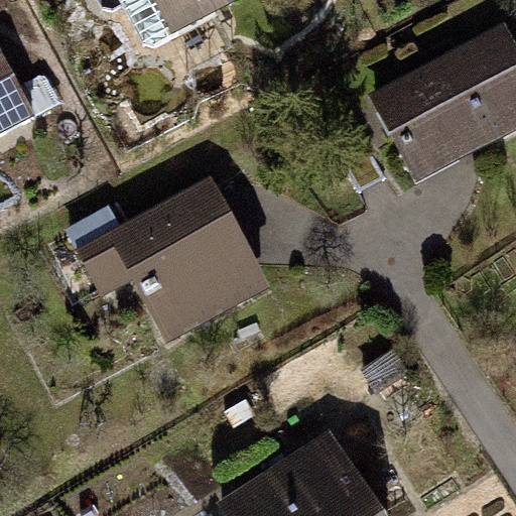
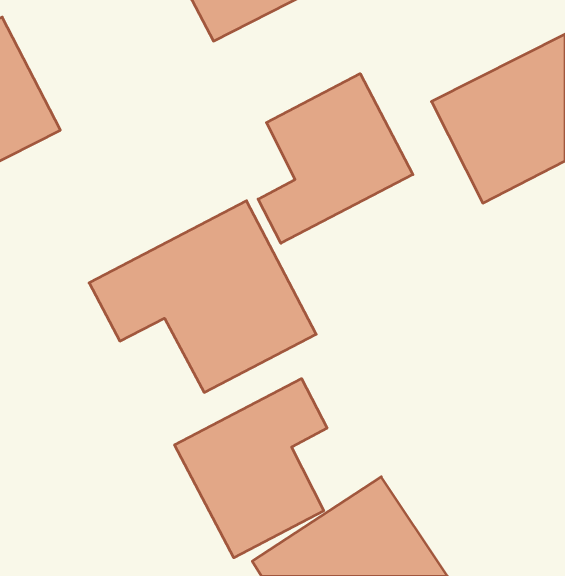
building: none -> [258,74,413,243]
building: none -> [175,379,327,558]

